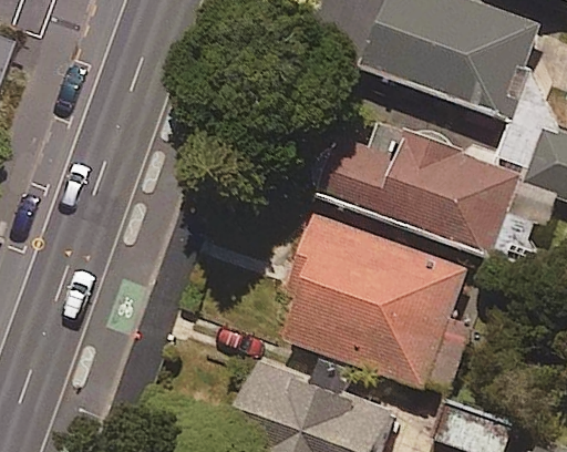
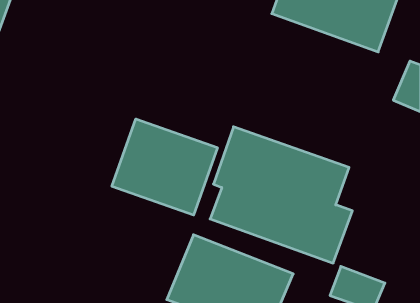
building: [317,110,519,254] -> none
building: none -> [112,119,217,215]

